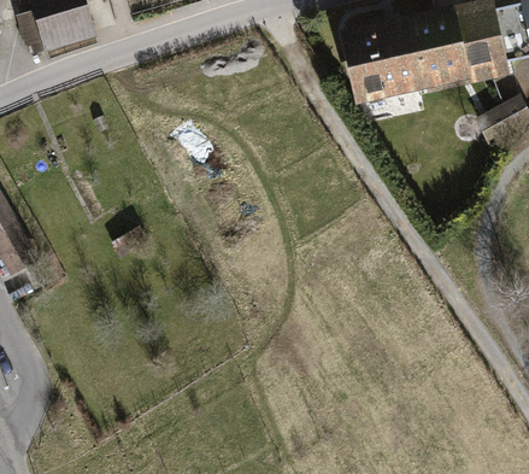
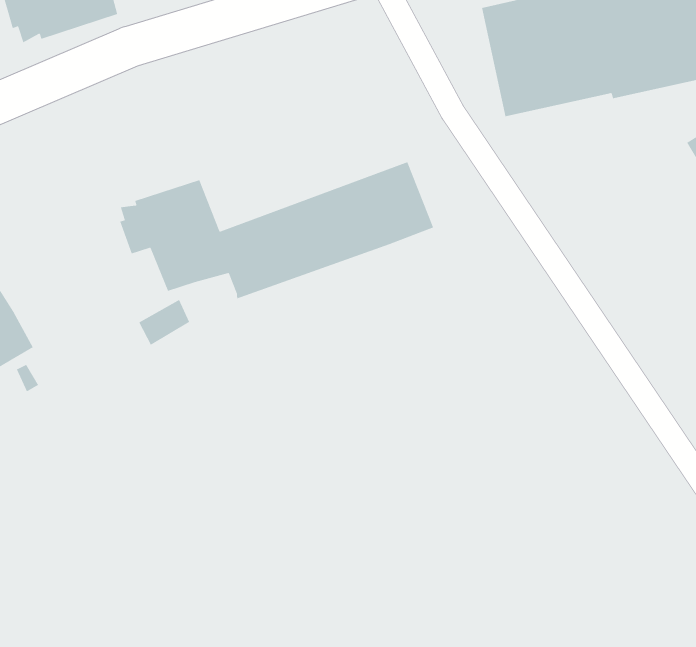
building: none -> [119,161,434,299]

